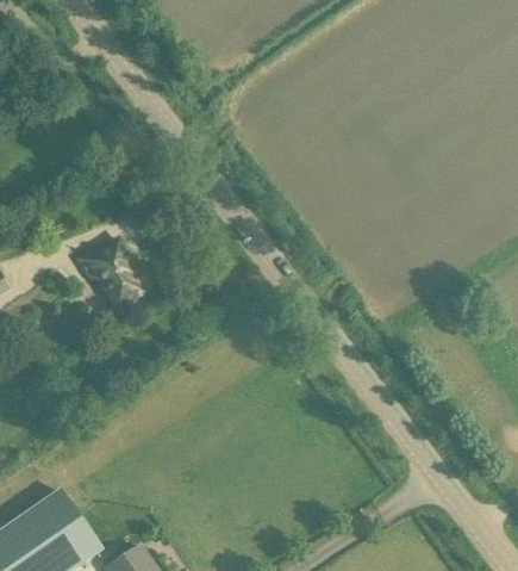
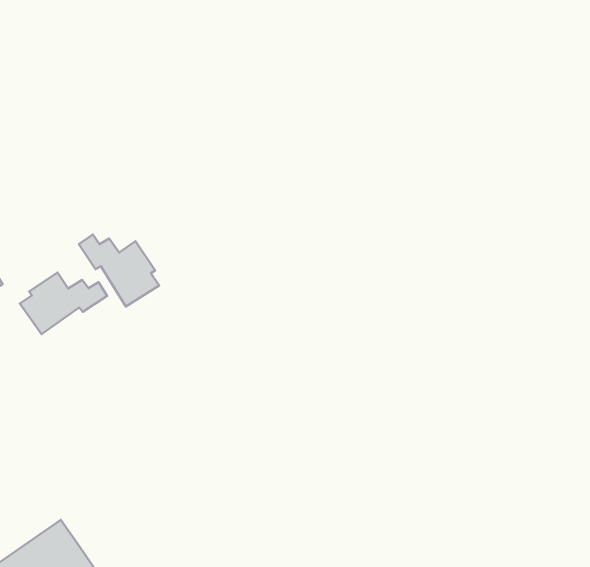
building: none -> [20,273,107,334]

